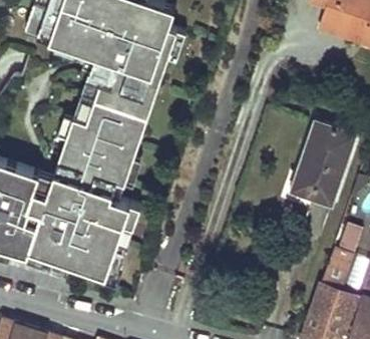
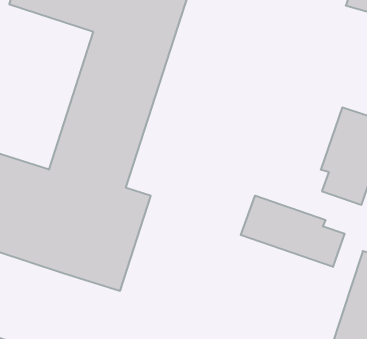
building: none -> [241,196,345,267]

